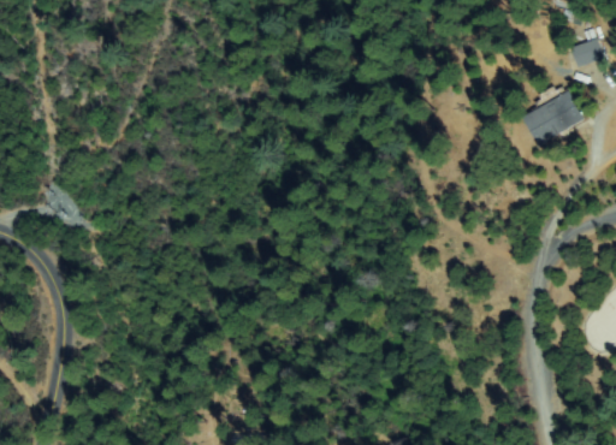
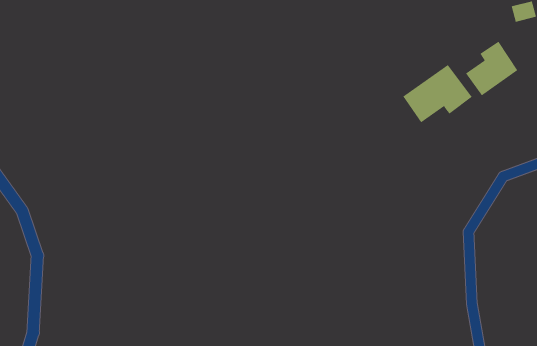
building: none -> [402,64,473,123]

